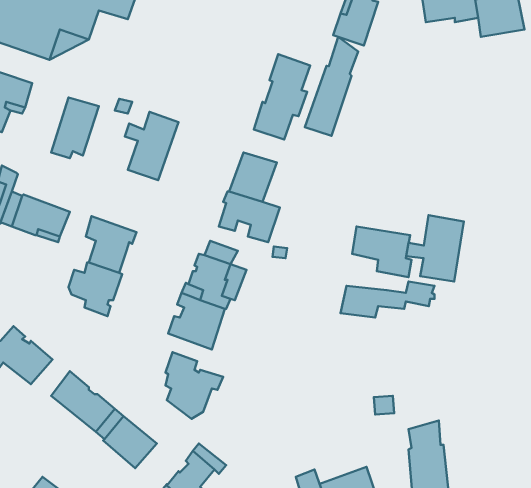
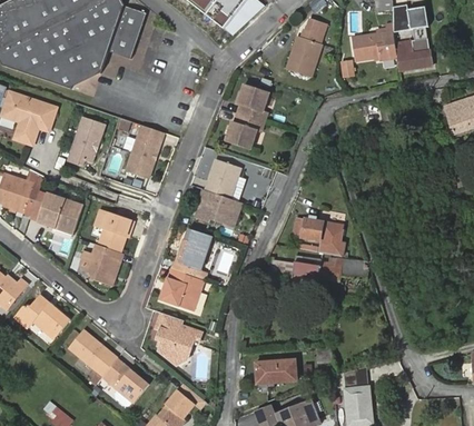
building: [305,37,358,136] -> none
building: [406,215,464,282] -> none
building: none -> [254,360,296,384]

